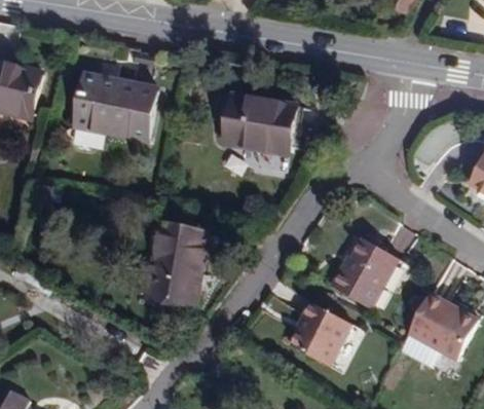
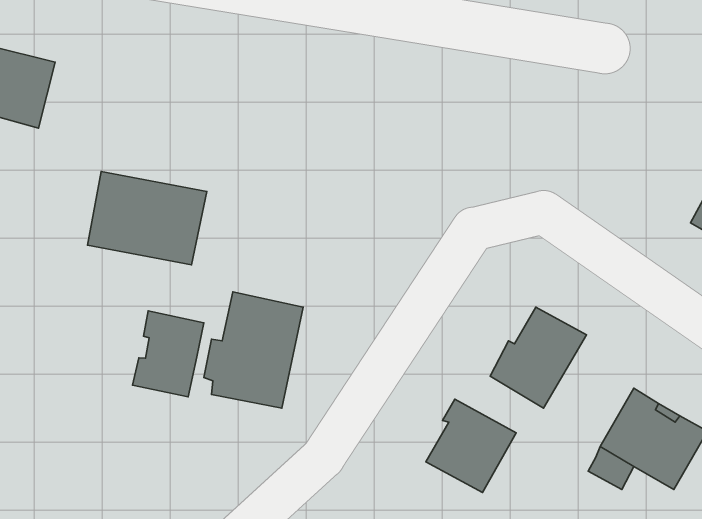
building: [76,77,156,140] -> [87,172,207,265]
building: [226,97,296,154] -> none
building: none -> [133,311,204,397]

